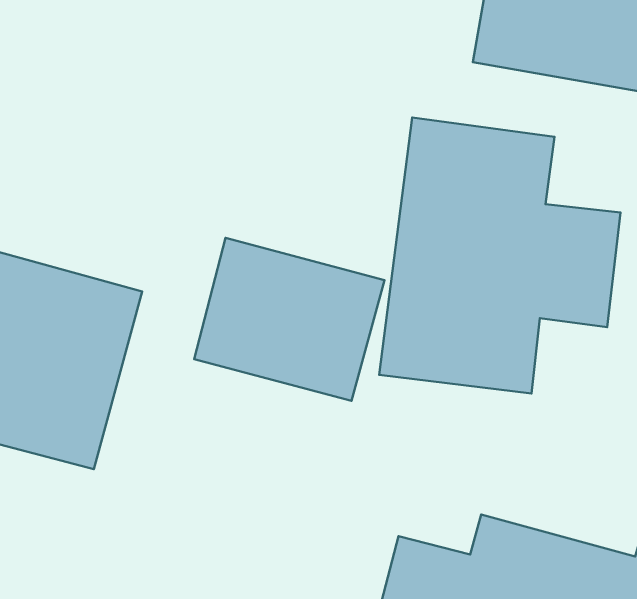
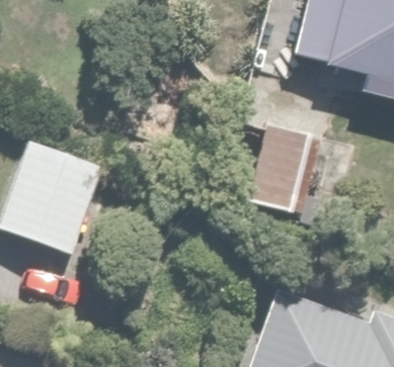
building: [194,238,384,401] -> none

